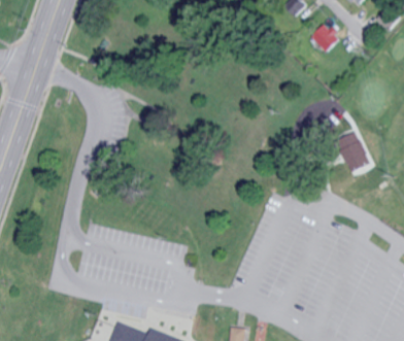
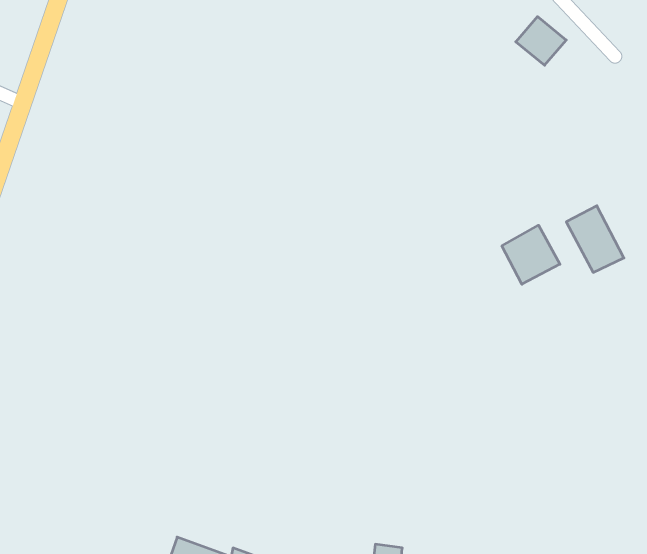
building: none -> [502,225,560,284]

